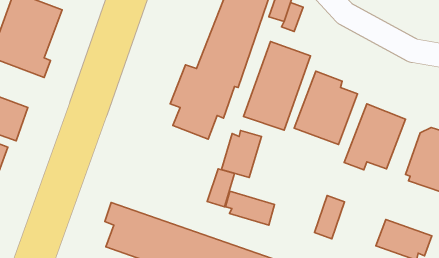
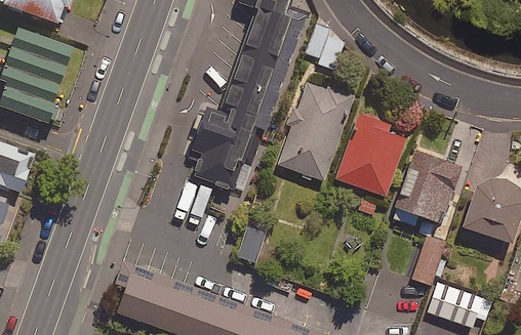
building: [221,131,262,177] -> none
building: [225,191,274,225] -> none
building: [314,196,344,239] -> [410,237,444,286]

